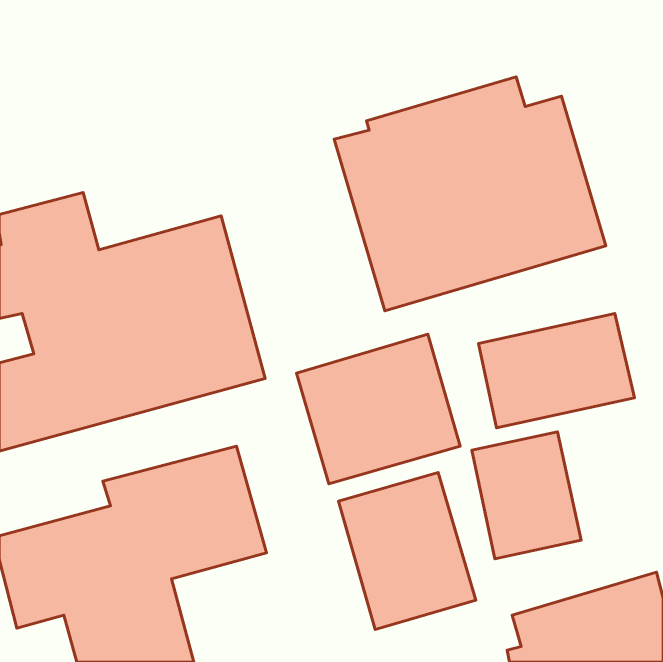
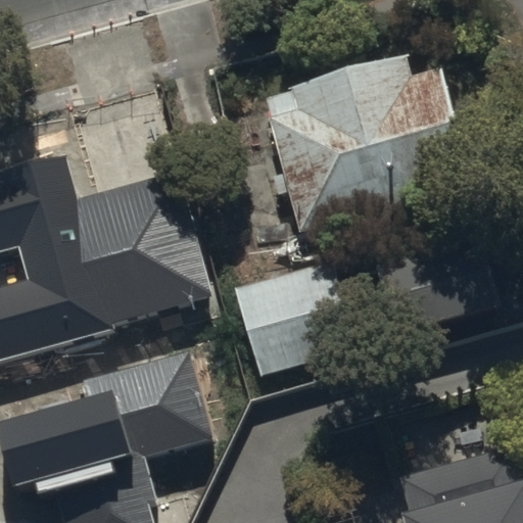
building: [472,432,581,559] -> none
building: [339,473,476,629] -> none

